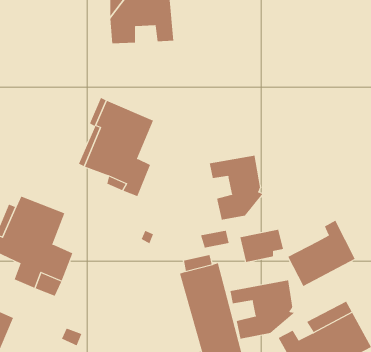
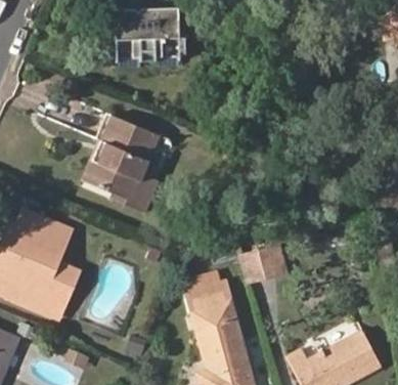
building: [209,155,263,220] -> none
building: [288,220,355,287] -> none
building: [230,279,296,339] -> none

